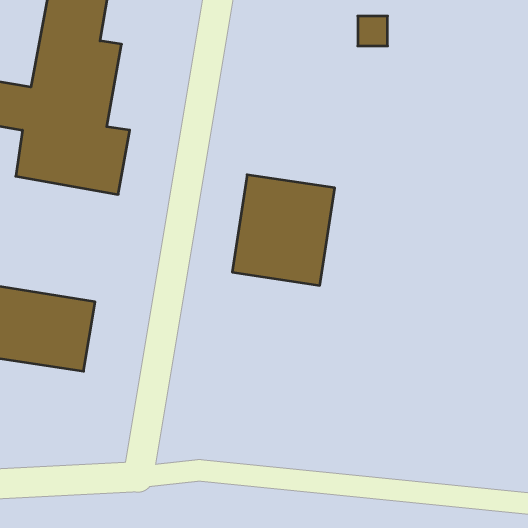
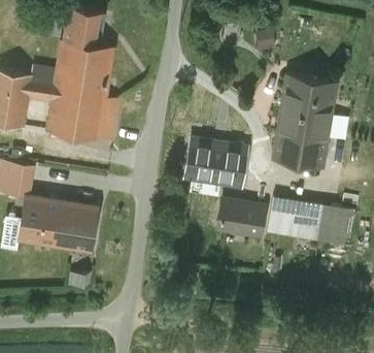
building: none -> [272,74,337,166]
building: none -> [267,195,349,245]
building: none -> [217,200,263,235]

